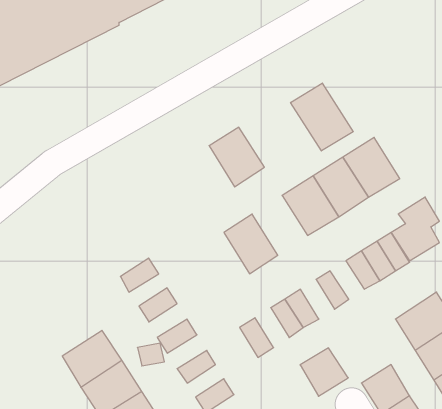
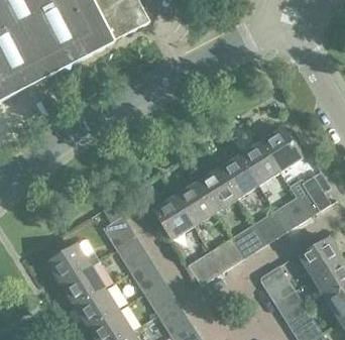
building: [291,83,353,151] -> none
building: [209,127,264,187] -> [198,169,237,212]
building: none -> [154,196,196,239]
building: none -> [44,244,91,284]
building: [300,348,348,396] -> [262,268,297,303]

